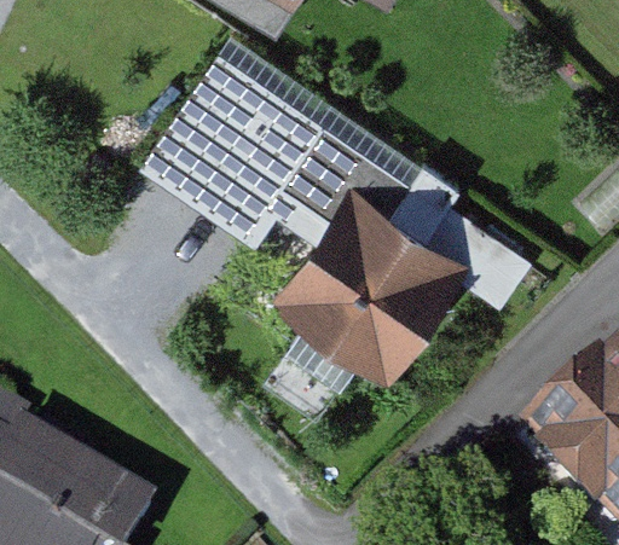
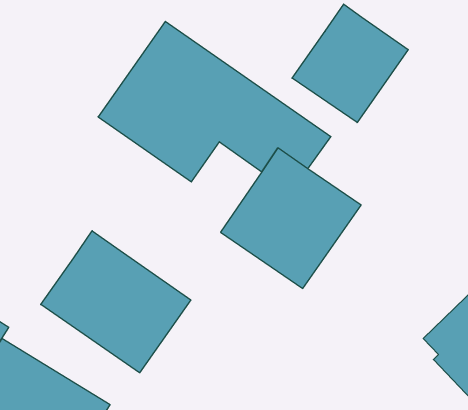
building: none -> [292,4,408,123]
building: none -> [41,231,191,373]

